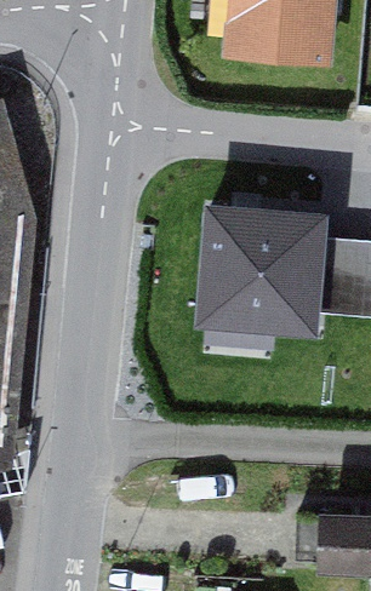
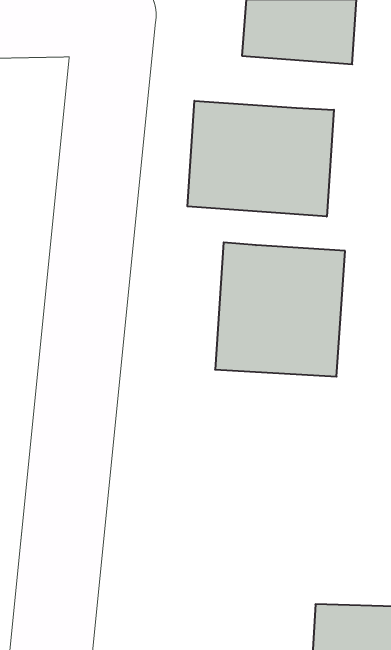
building: none -> [187,101,334,217]

